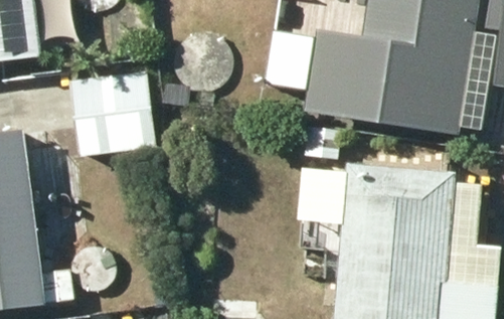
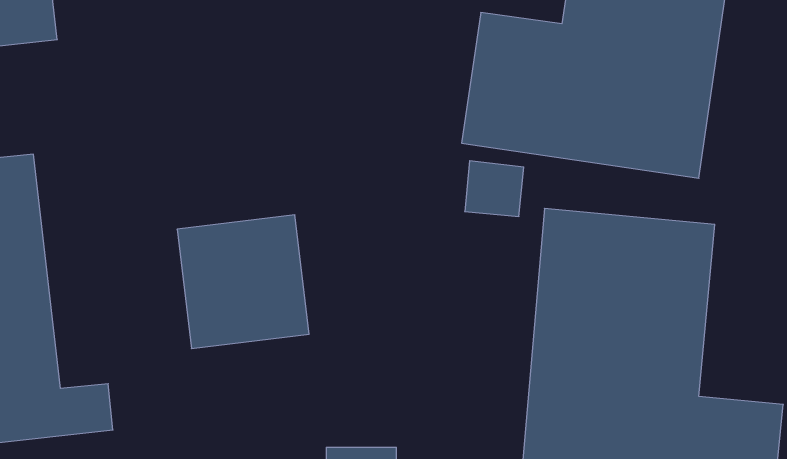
building: [71,69,155,154] -> [177,215,309,349]

